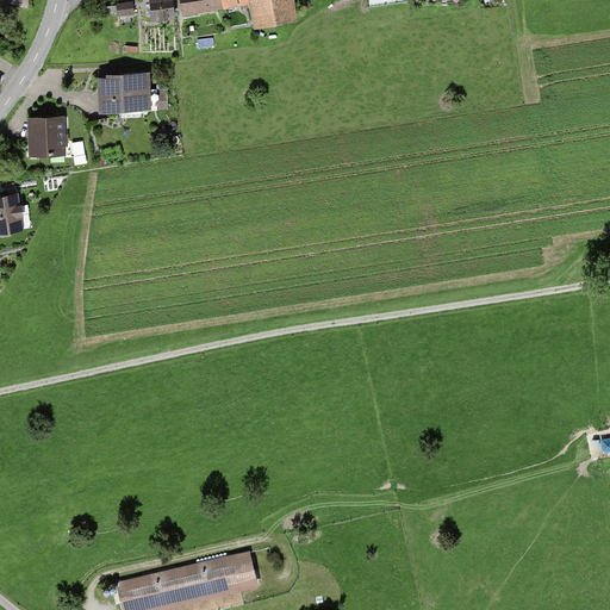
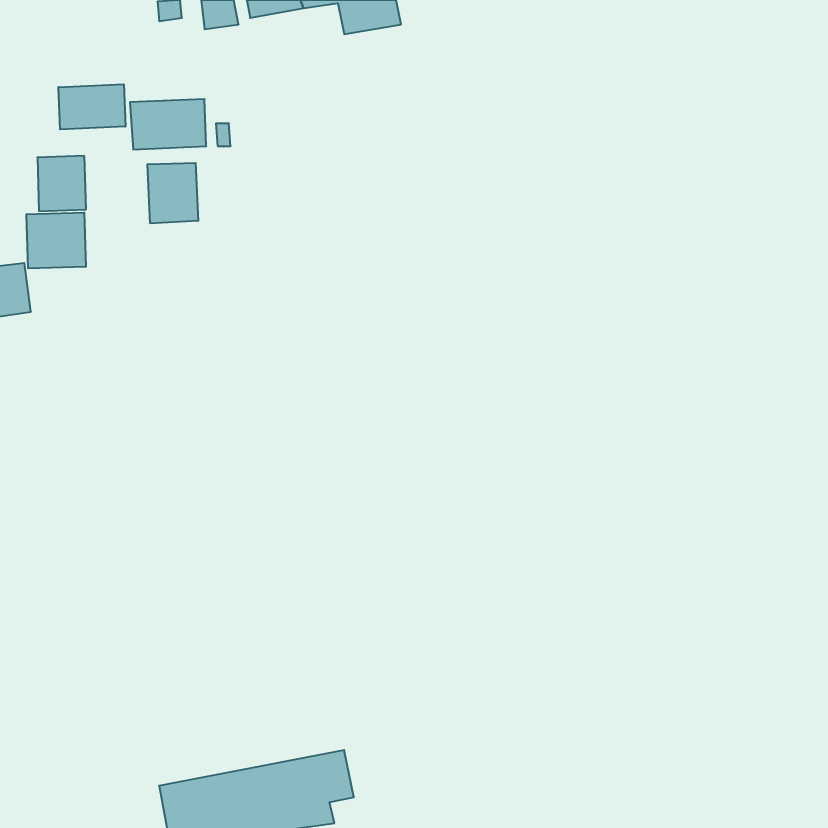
building: none -> [58,84,125,129]
building: none -> [148,163,198,223]
building: none -> [27,212,86,268]

